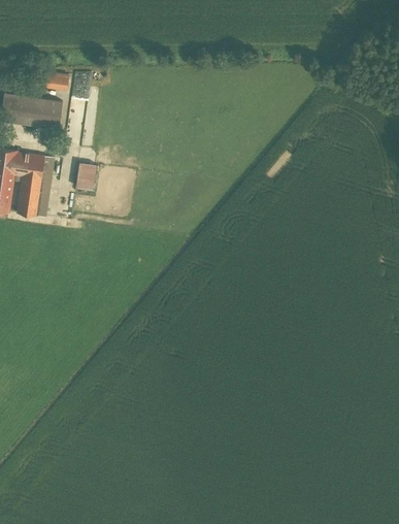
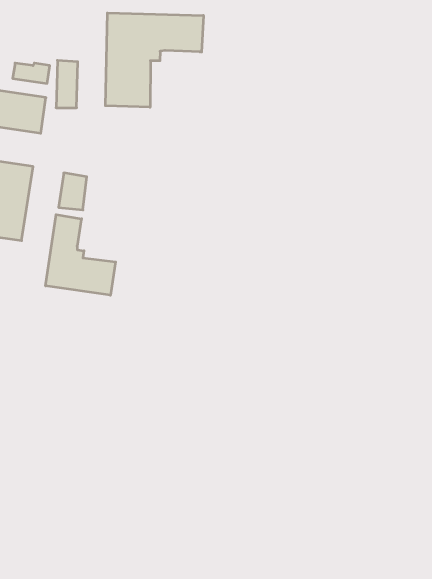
building: none -> [105,13,203,107]
building: none -> [46,215,116,295]

